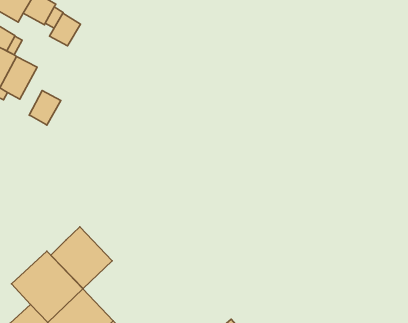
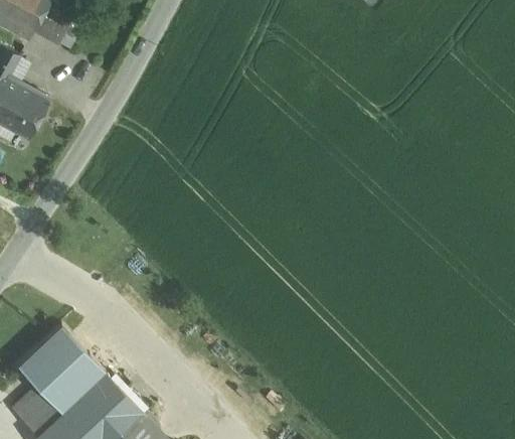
building: [50,13,80,46] -> none
building: [29,91,61,125] -> none
building: [51,227,112,288] -> none

